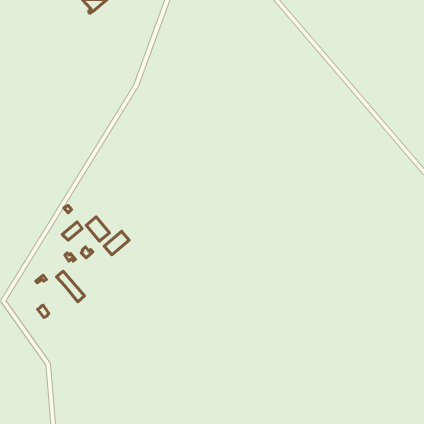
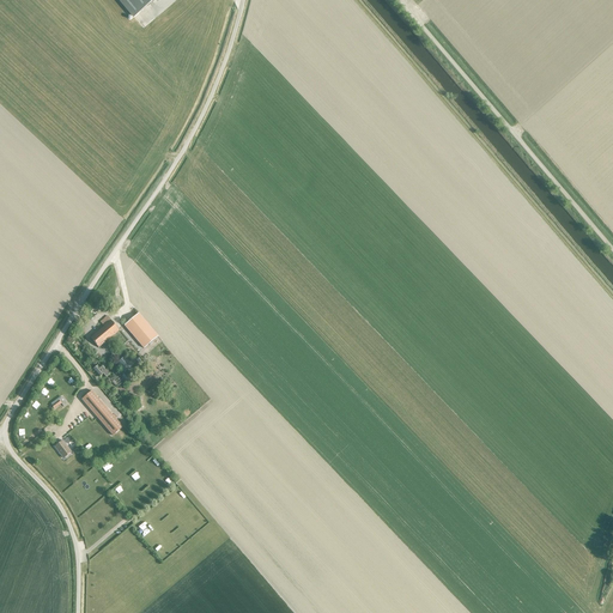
building: [104,231,129,255] -> none

